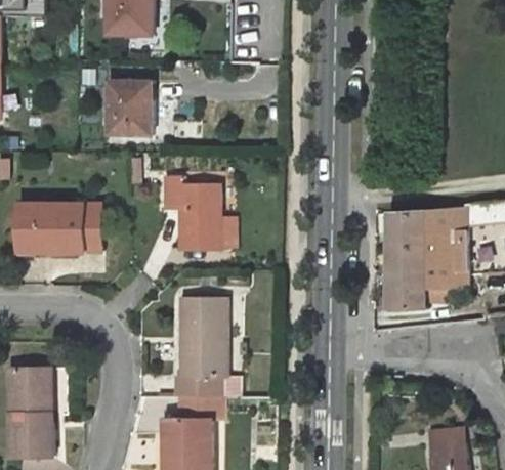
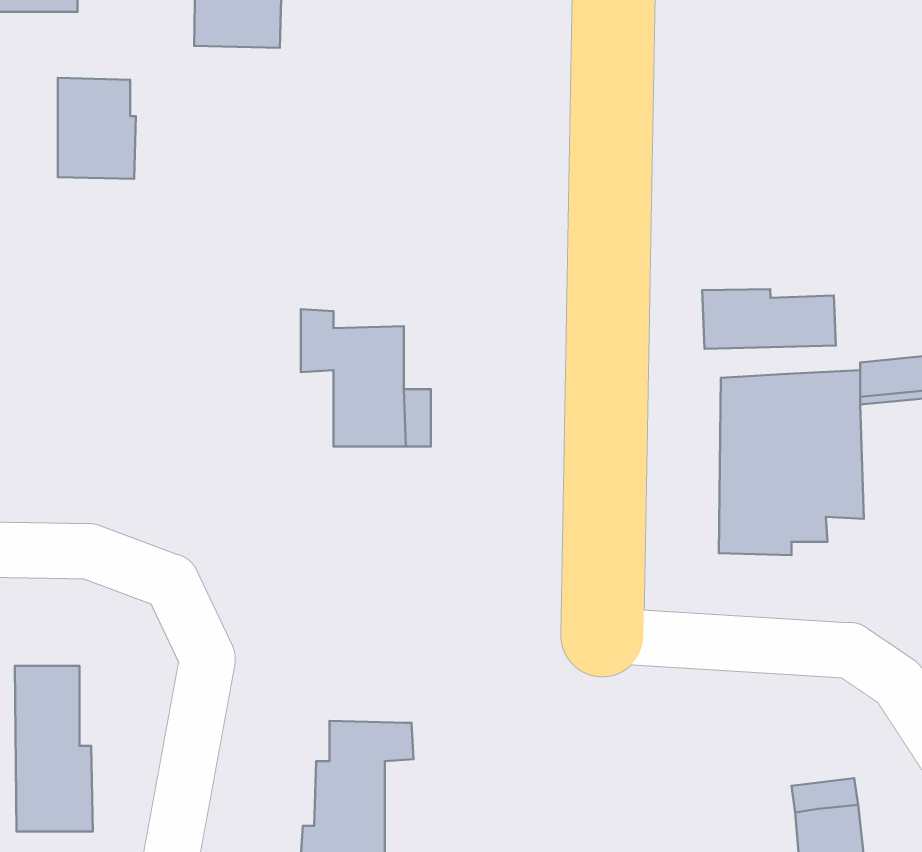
building: [109,80,151,134] -> [58,78,136,179]
building: none -> [702,289,836,349]
building: [18,204,85,251] -> none
building: [176,298,226,397] -> none

